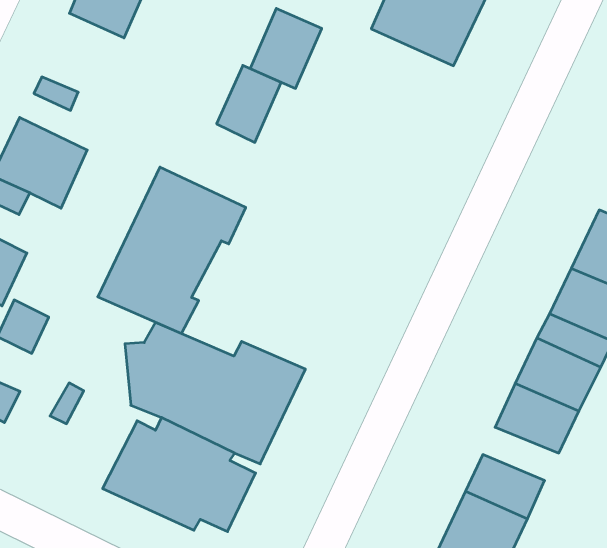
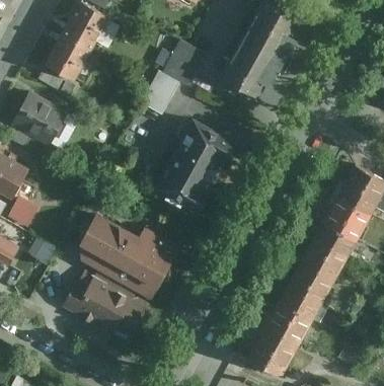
building: none -> [45,33,91,81]
building: none -> [220,54,279,97]
building: [98,167,246,334] -> [153,118,241,214]
building: none -> [281,287,324,319]

